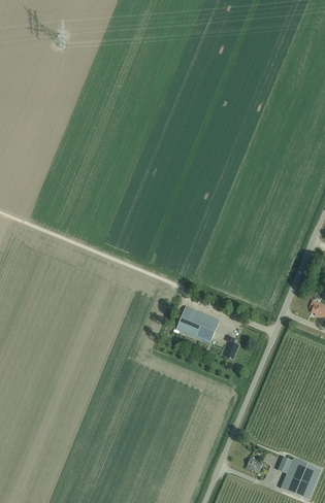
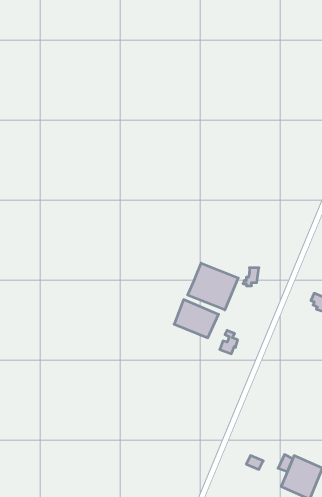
building: none -> [188,263,238,310]

